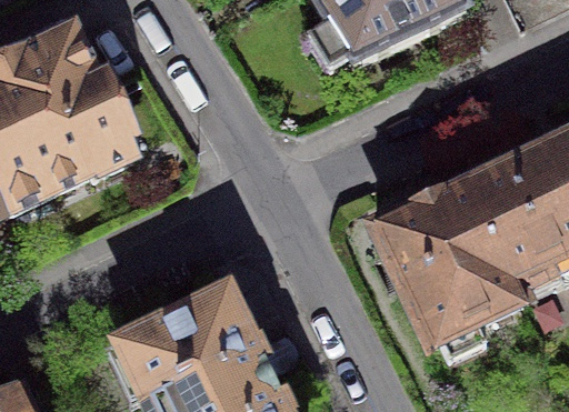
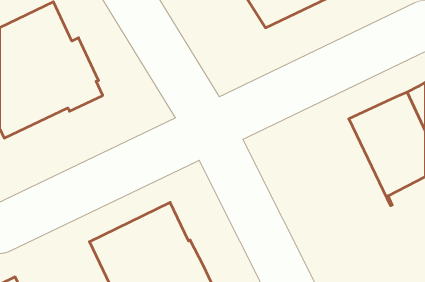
building: [376,178,521,336] -> none

